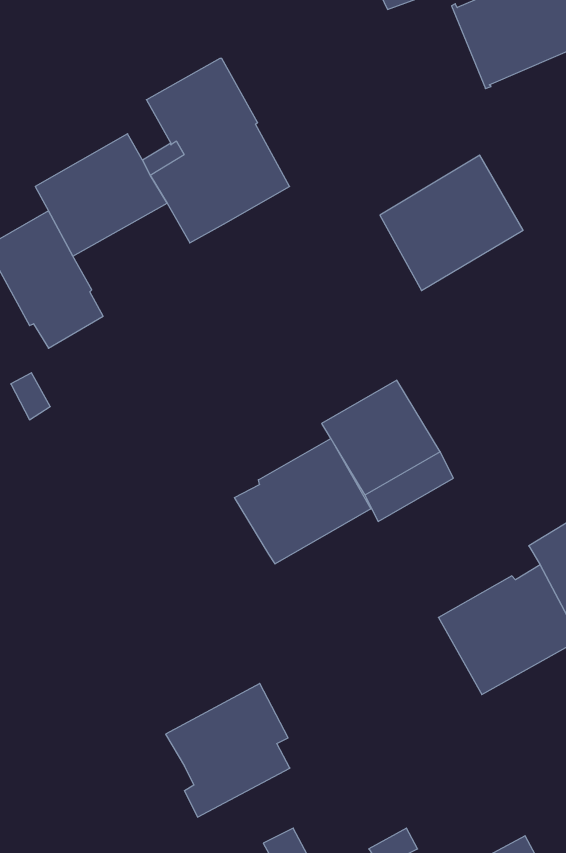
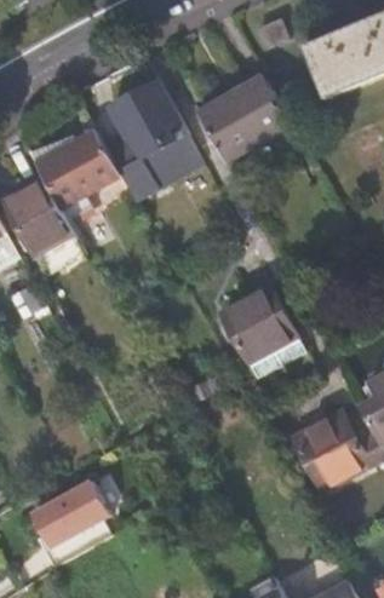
building: [380,155,523,291] -> [195,74,287,161]
building: [234,439,371,564] -> none
building: [166,683,290,817] -> [31,481,111,567]

